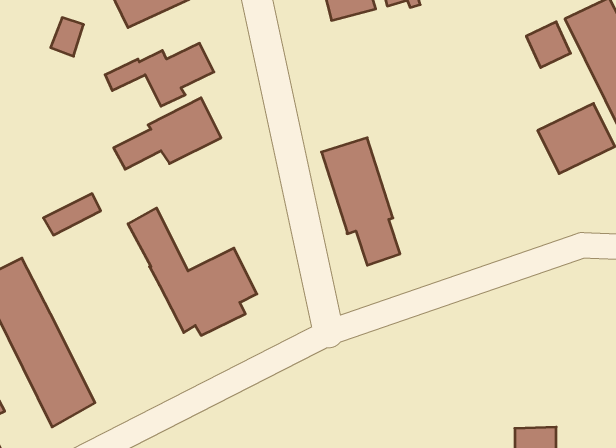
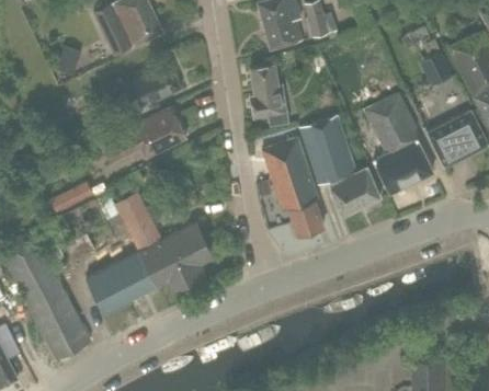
building: none -> [251,66,288,127]
building: none -> [365,81,433,194]
building: none -> [299,116,382,217]
building: none -> [88,252,158,314]

